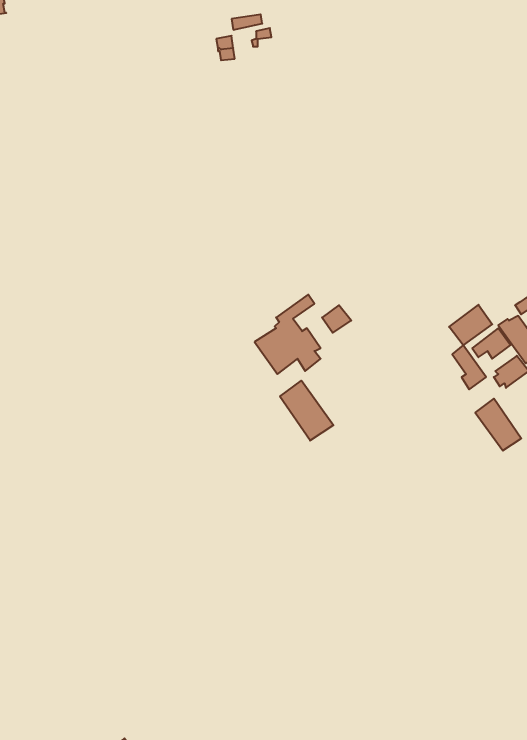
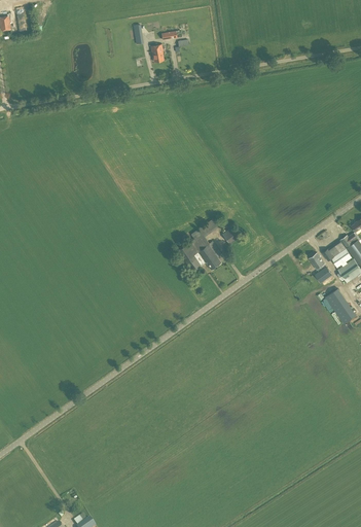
building: [449,305,492,345] -> none
building: [280,381,333,441] -> none

